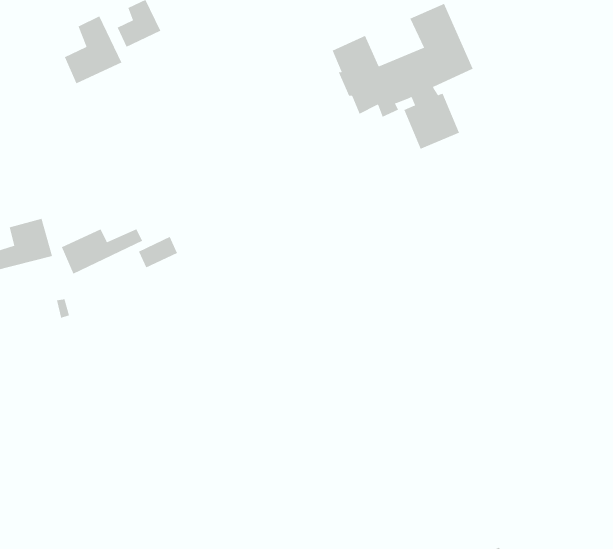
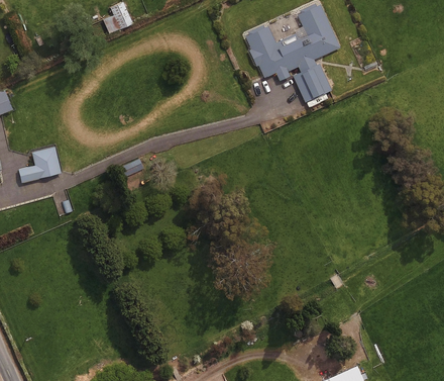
building: [64,16,122,84] -> none
building: [61,228,143,274] -> none

